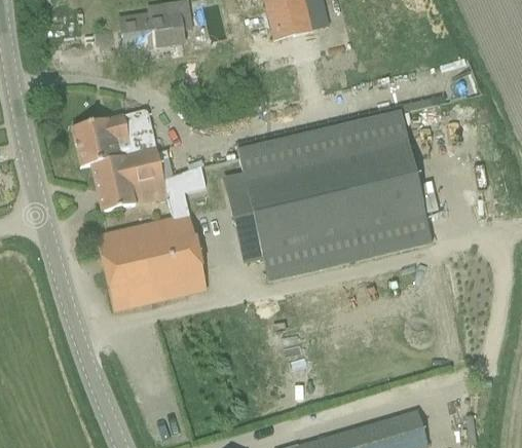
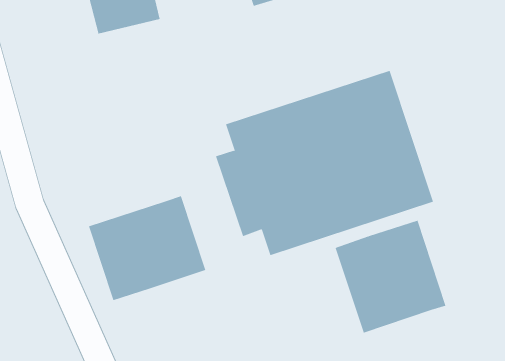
building: [73,109,208,218] -> none
building: none -> [335,220,446,334]

